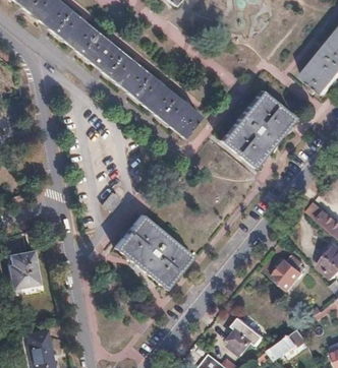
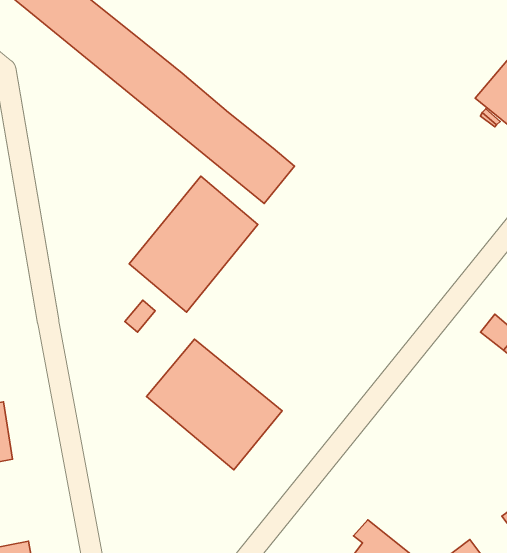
building: [220,88,293,166] -> [129,176,258,312]
building: [272,253,302,289] -> none

